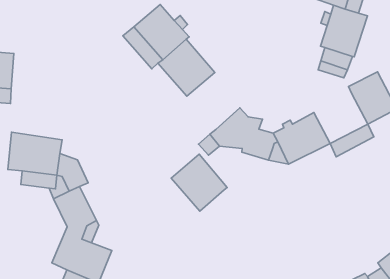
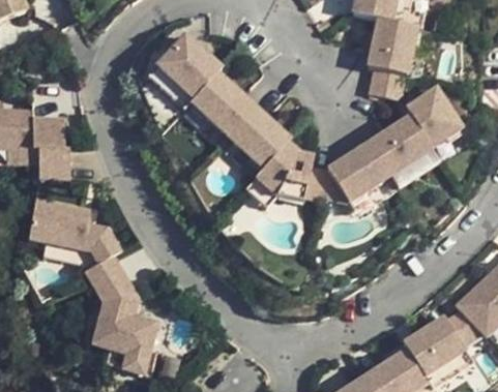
building: none -> [30,113,68,177]
building: none -> [370,115,432,174]
building: [171,154,227,211] -> [225,107,289,171]

